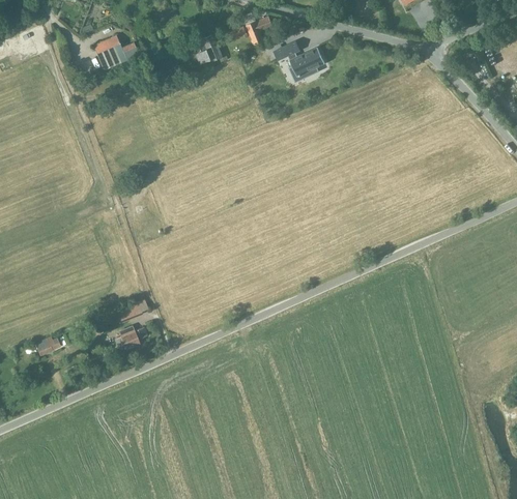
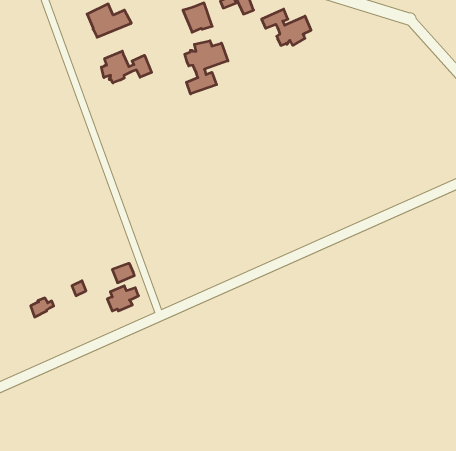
building: none -> [185,41,228,94]
building: none -> [101,51,152,83]

